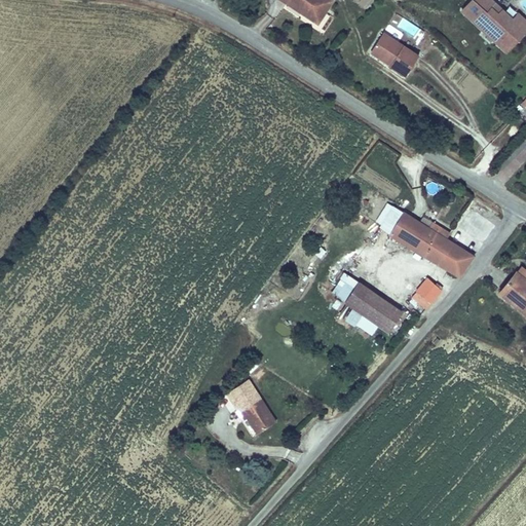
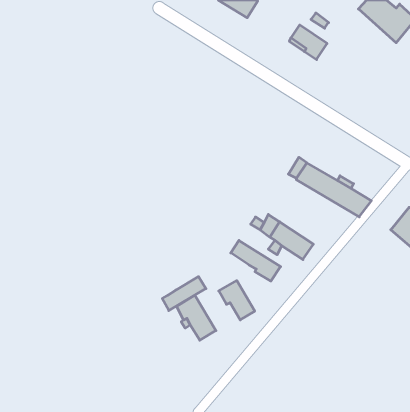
building: [413,279,440,310] -> none
building: none -> [231,240,281,281]
building: none -> [162,277,206,311]
building: none -> [219,281,255,320]

